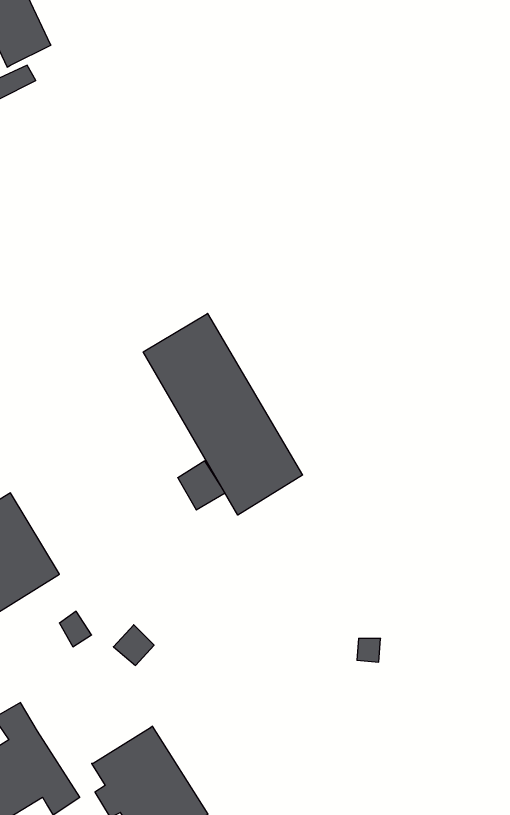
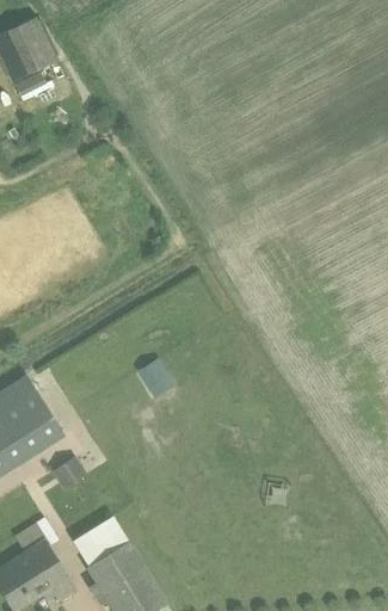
building: [143,313,303,515] -> none
building: none -> [73,517,128,566]

